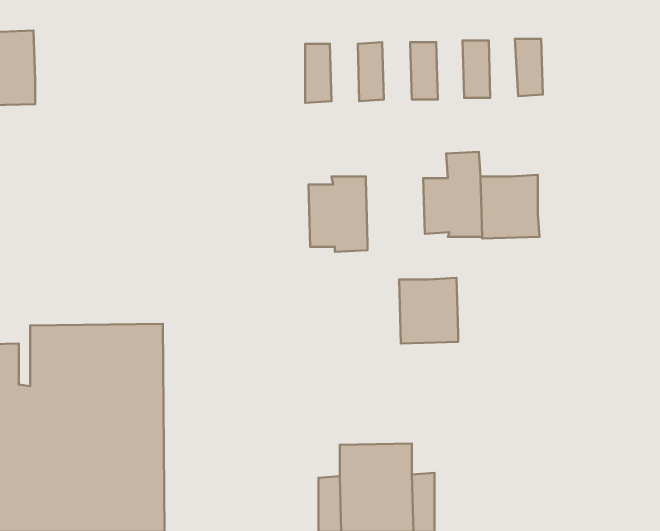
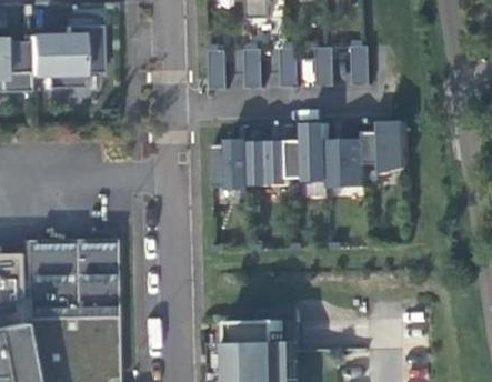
building: none -> [24,26,99,88]
building: none -> [367,122,405,174]
building: [399,278,458,343] -> [250,141,290,185]

